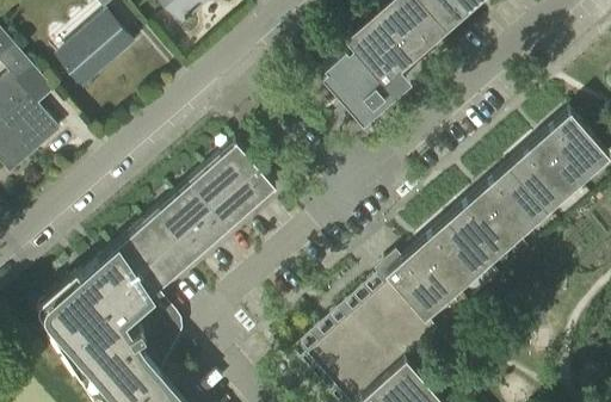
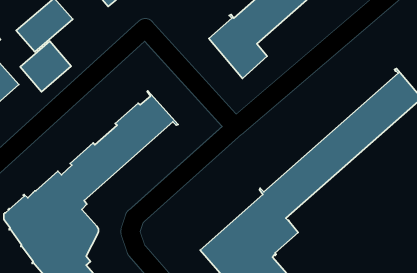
building: none -> [20,41,71,92]

